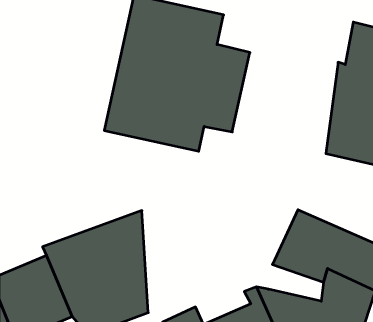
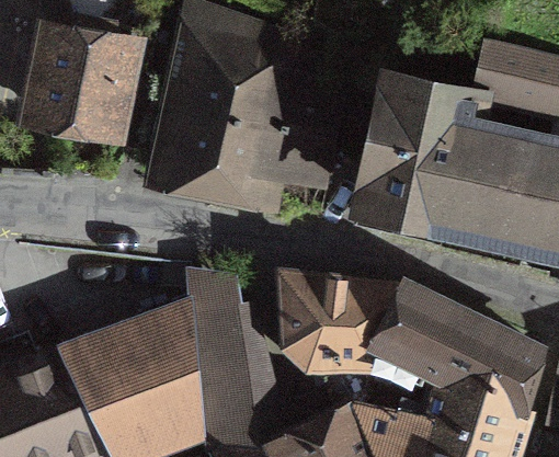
building: none -> [14,18,144,145]
building: none -> [356,70,465,249]
building: none -> [286,283,410,410]
building: none -> [196,294,262,438]

